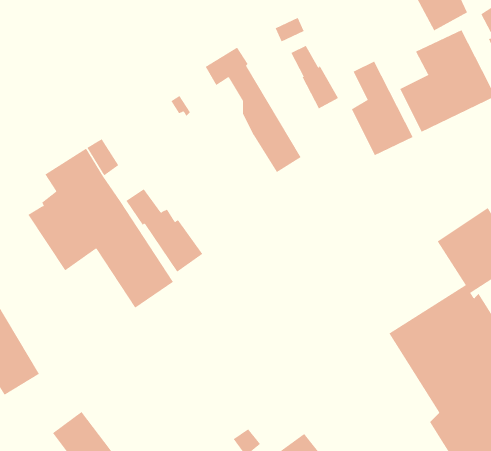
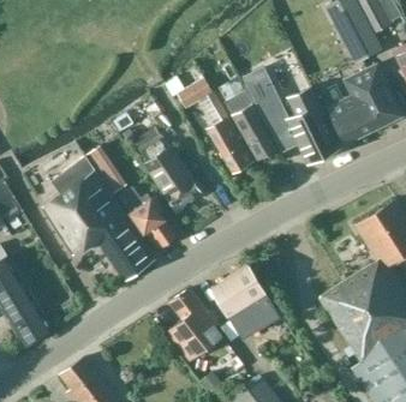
building: none -> [219,79,277,161]
building: none -> [131,128,202,212]
building: none -> [213,265,281,338]
building: none -> [167,289,215,364]

